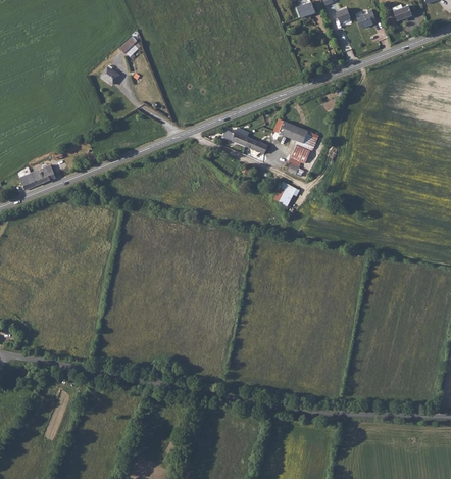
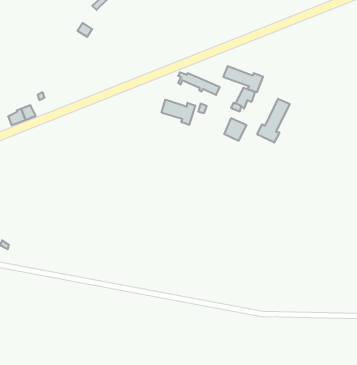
building: none -> [257,99,290,143]
building: none -> [162,100,195,125]

